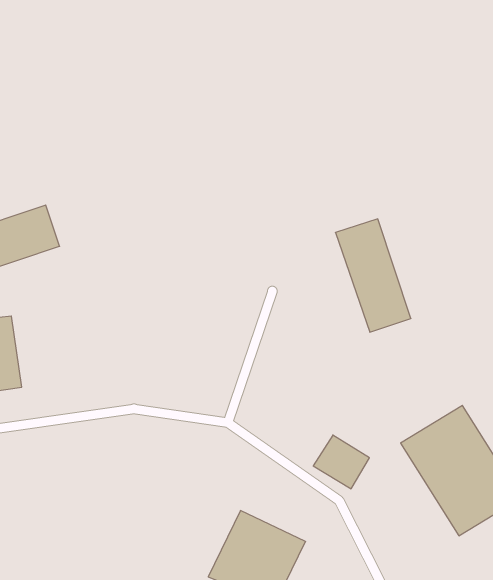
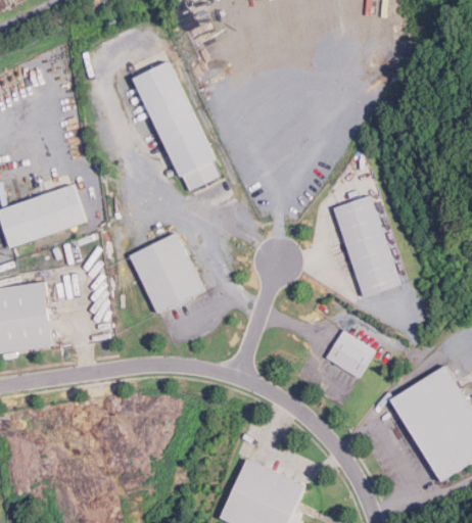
building: none -> [133,61,220,192]
building: none -> [130,234,202,314]
building: [313,435,369,489] -> [323,331,373,379]

